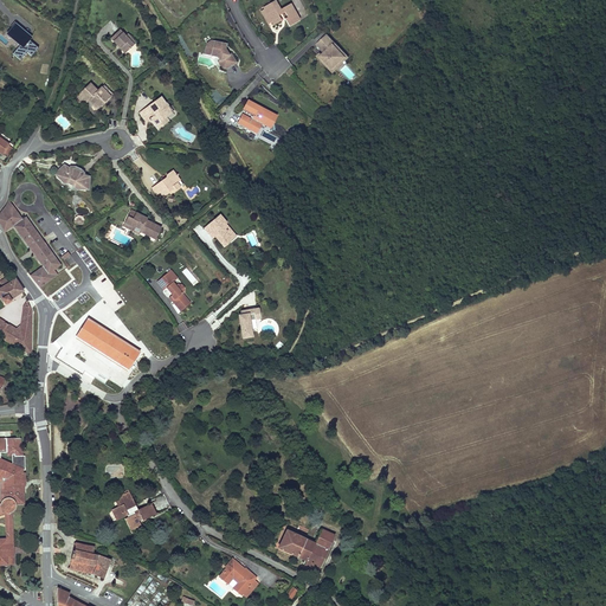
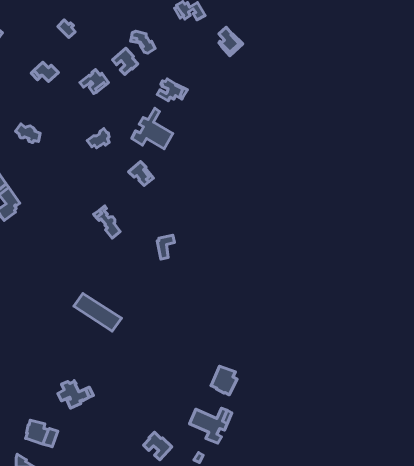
building: none -> [113,48,138,75]
building: none -> [132,108,173,149]
building: [118,211,157,237] -> none
building: [78,320,140,368] -> [74,293,122,331]
building: none -> [211,366,237,395]

